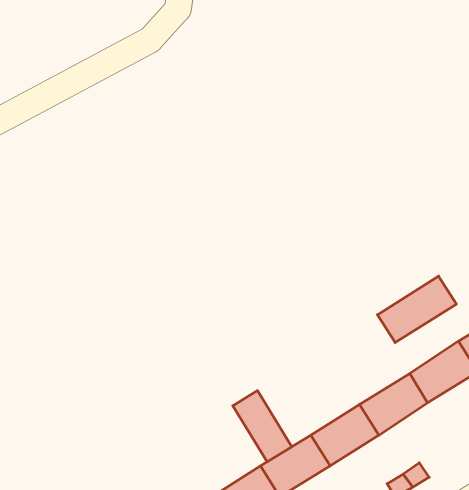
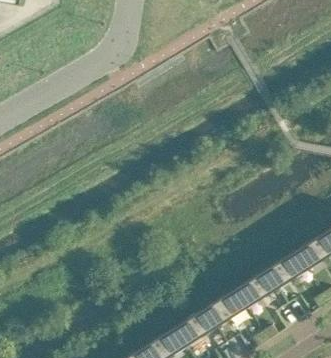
building: [377,276,456,343] -> none
building: [233,391,292,462] -> none

